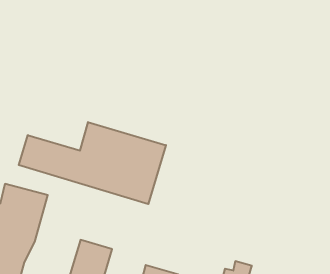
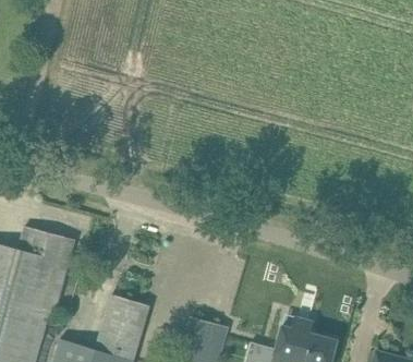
building: [19,122,166,204] -> none

